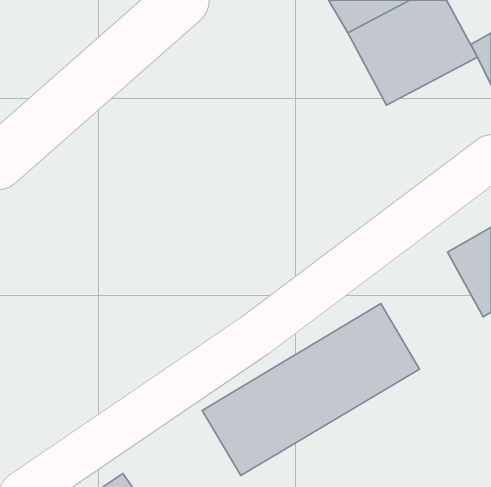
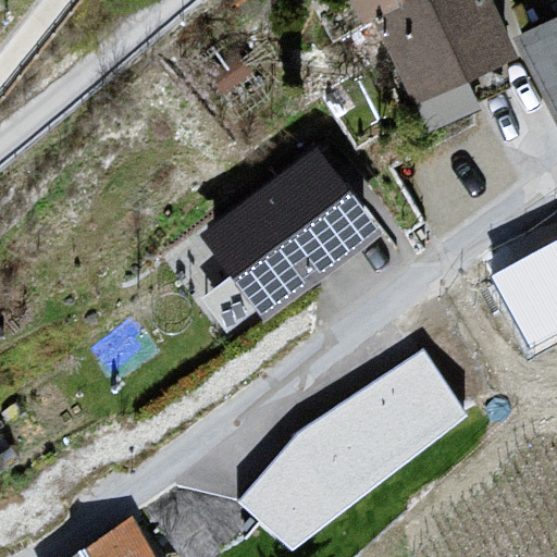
building: none -> [194,143,381,321]

